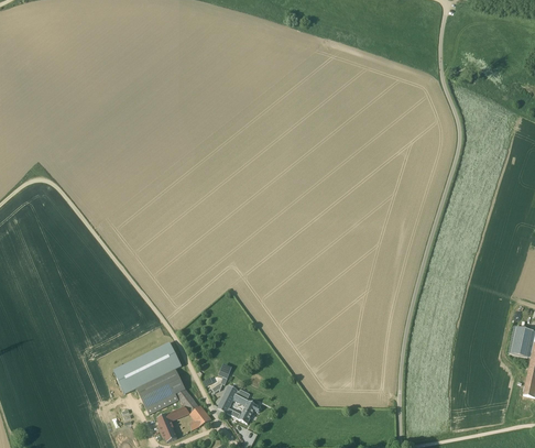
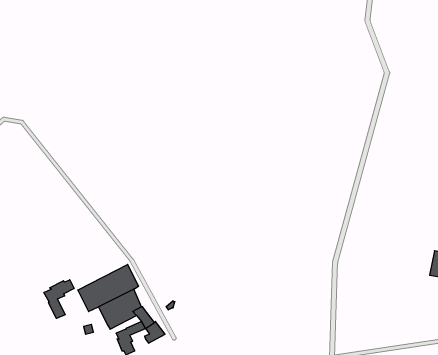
building: none -> [44,280,74,318]
building: [217,384,260,423] -> none

